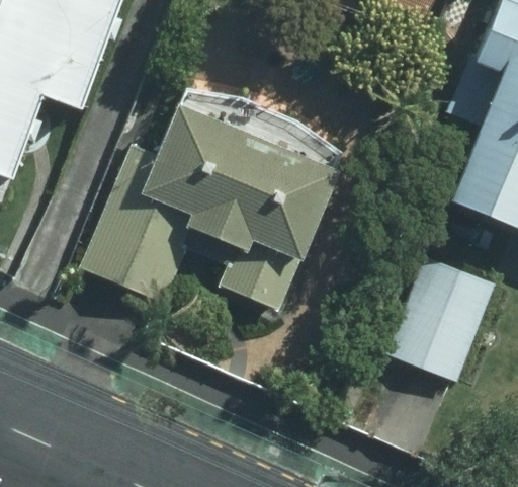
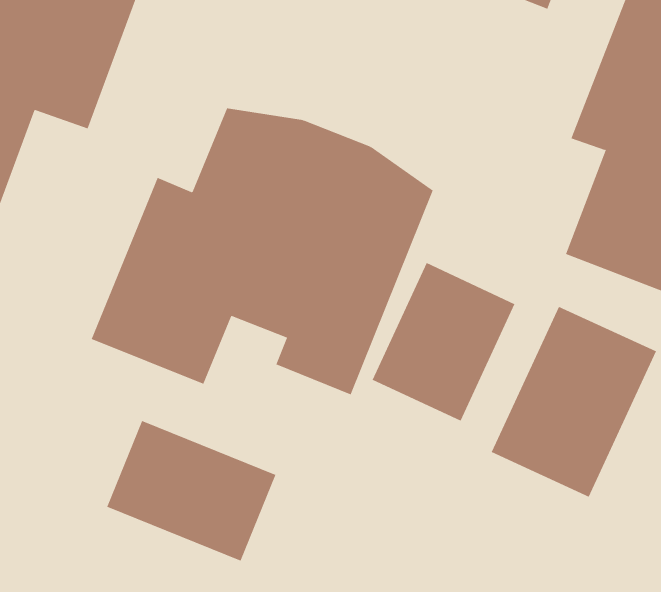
building: none -> [372,262,515,422]
building: none -> [106,420,276,561]

